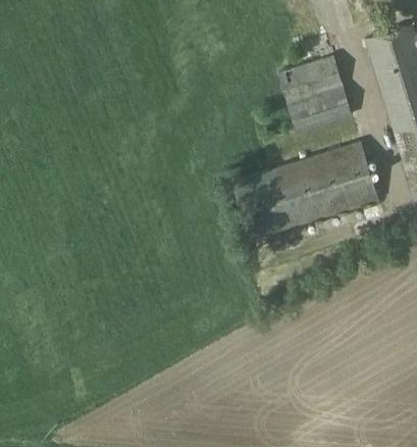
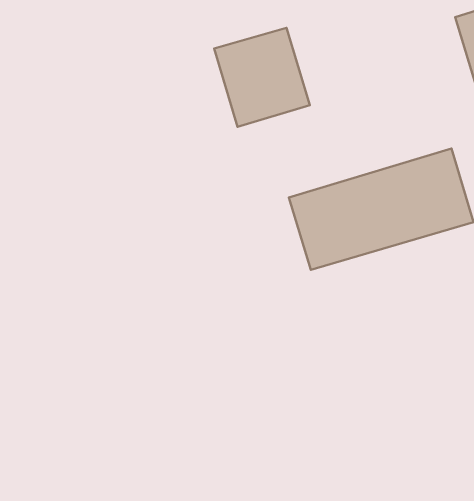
building: [279,54,355,133] -> [214,28,310,127]

